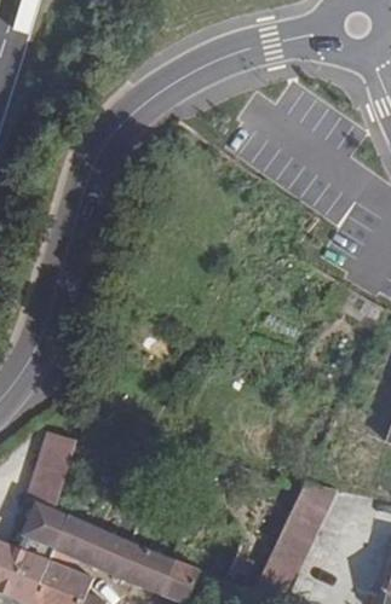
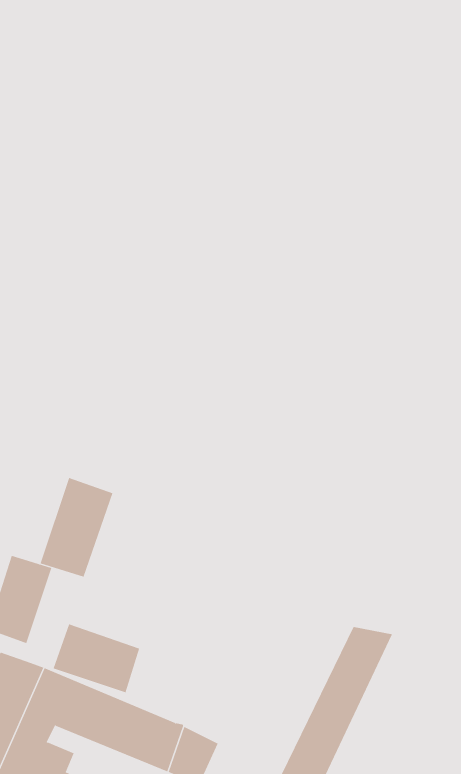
building: none -> [40,477,113,577]
building: none -> [53,623,140,693]

